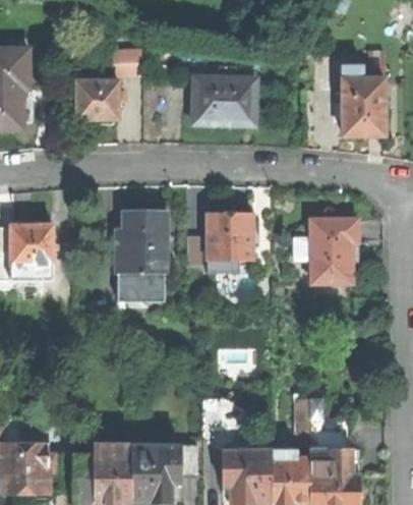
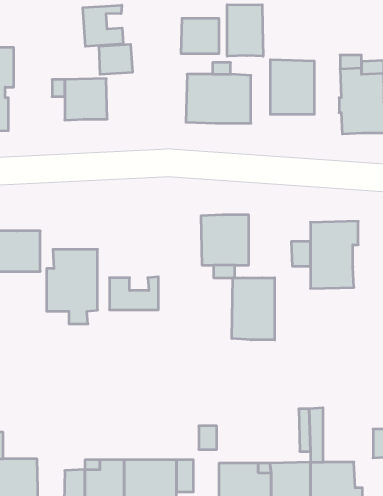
building: none -> [227,5,263,56]
building: none -> [83,5,123,46]
building: none -> [181,18,219,54]
building: none -> [270,60,314,114]
building: [117,214,166,285] -> [47,249,98,324]
building: none -> [232,278,275,340]

